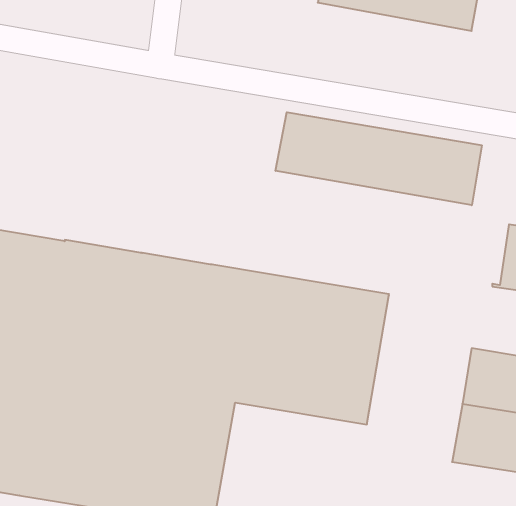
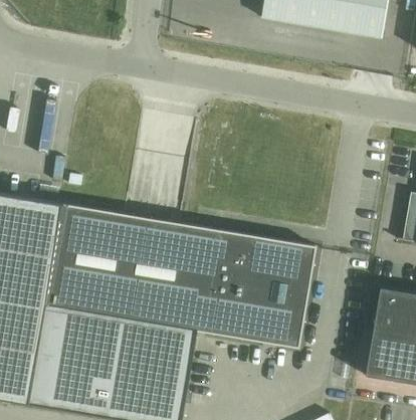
building: [276,112,482,205] -> none

